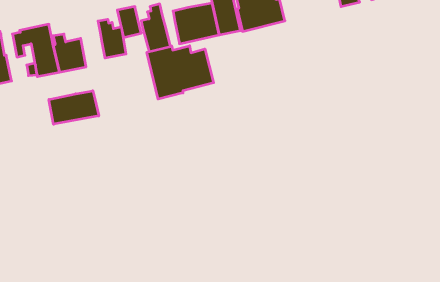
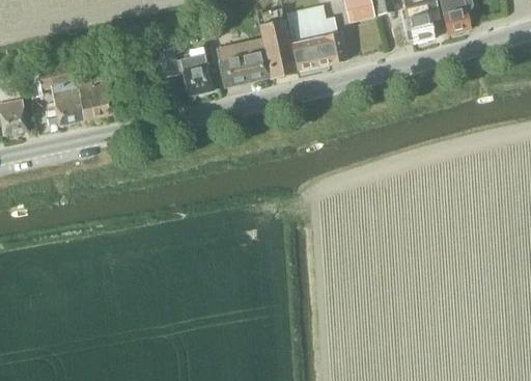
building: [98,19,126,58] -> none
building: [147,46,214,99] -> none
building: [49,91,99,124] -> none

